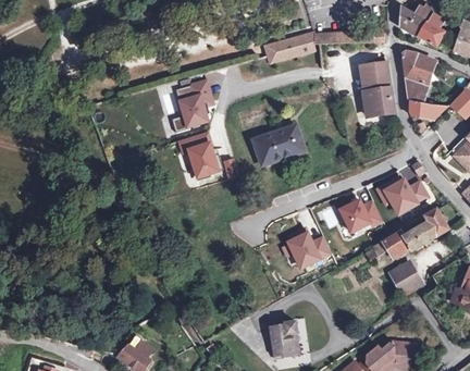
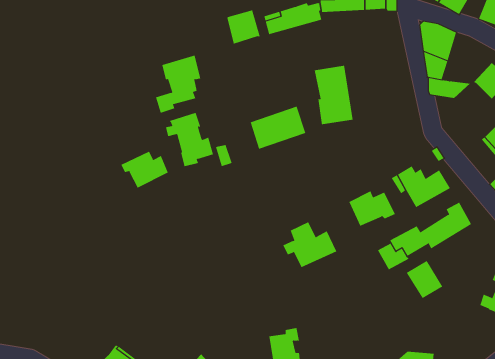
building: none -> [227,10,260,45]
building: [359,62,394,114] -> [314,65,354,125]
building: none -> [120,151,168,188]

